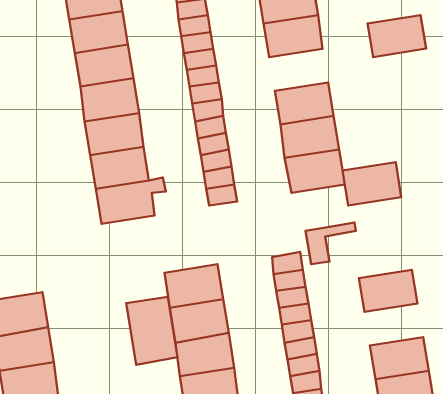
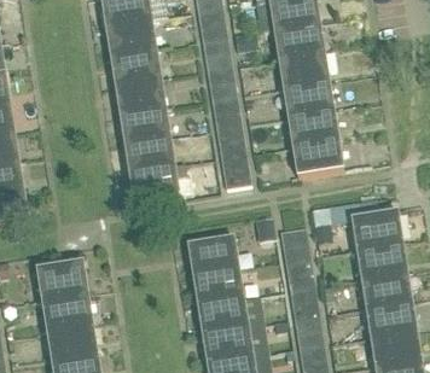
building: [367,15,426,57] -> [278,49,329,86]
building: [343,162,401,206] -> [350,210,401,247]
building: [126,297,177,365] -> none
building: none -> [360,269,411,305]

